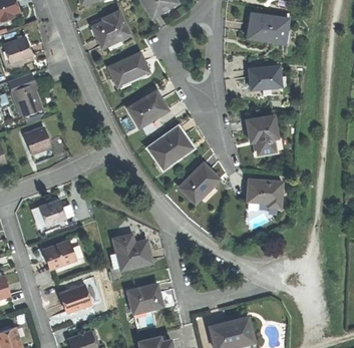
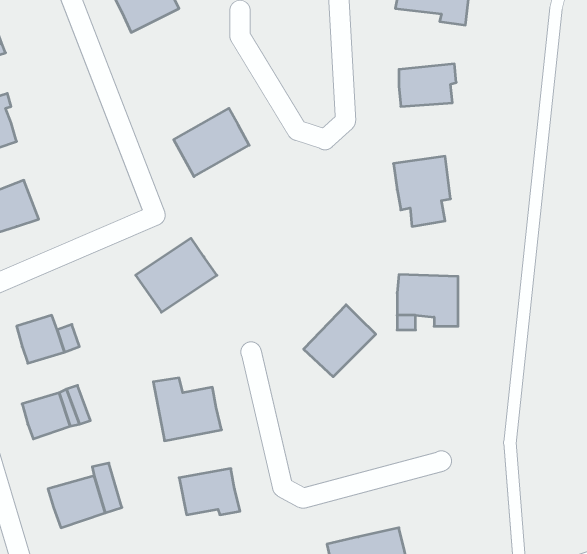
building: [106,52,146,86] -> none
building: [147,126,192,166] -> [136,238,217,312]
building: [180,162,219,202] -> [304,305,376,377]

